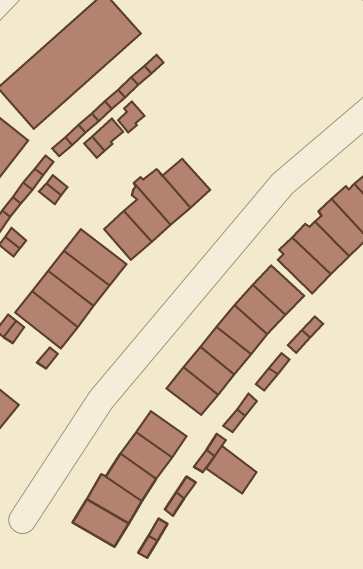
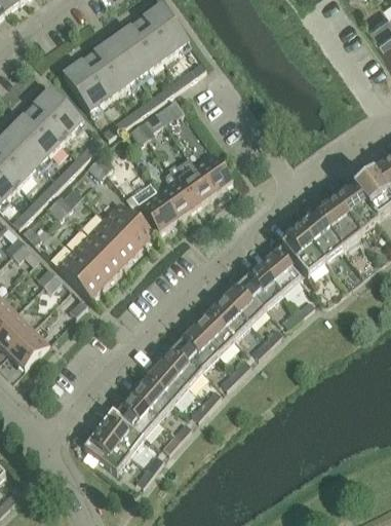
building: [206,446,257,493] -> [160,344,202,386]

